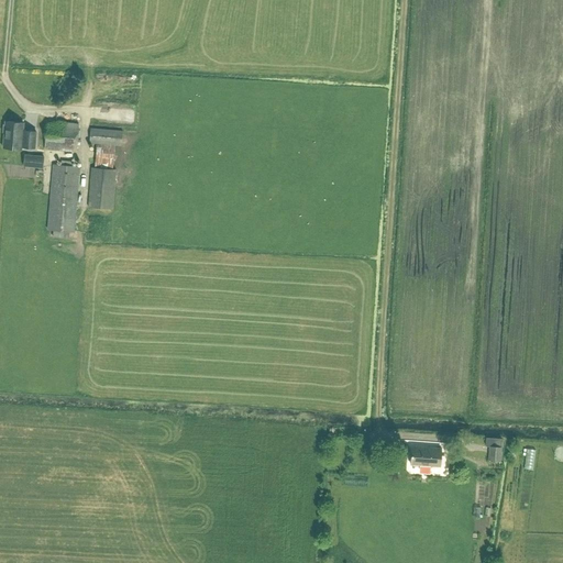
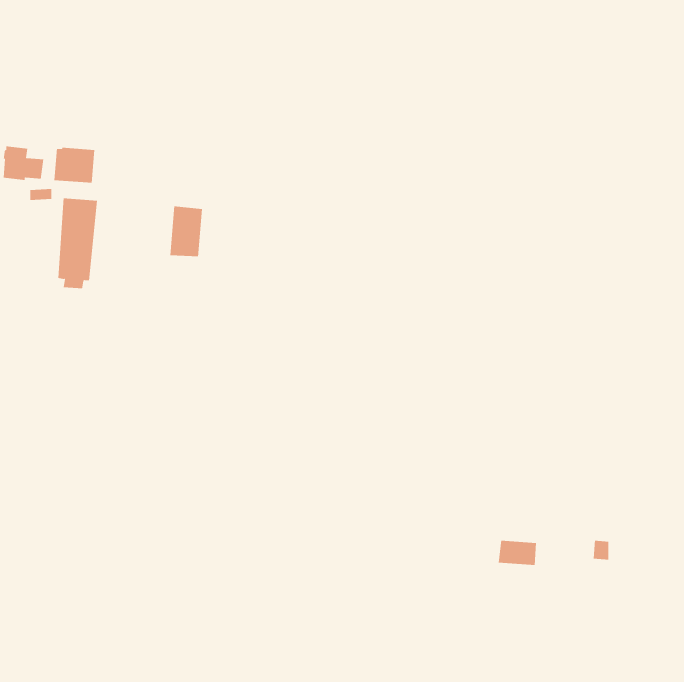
building: [88,128,122,162] -> none
building: [88,166,115,208] -> [169,206,203,257]

